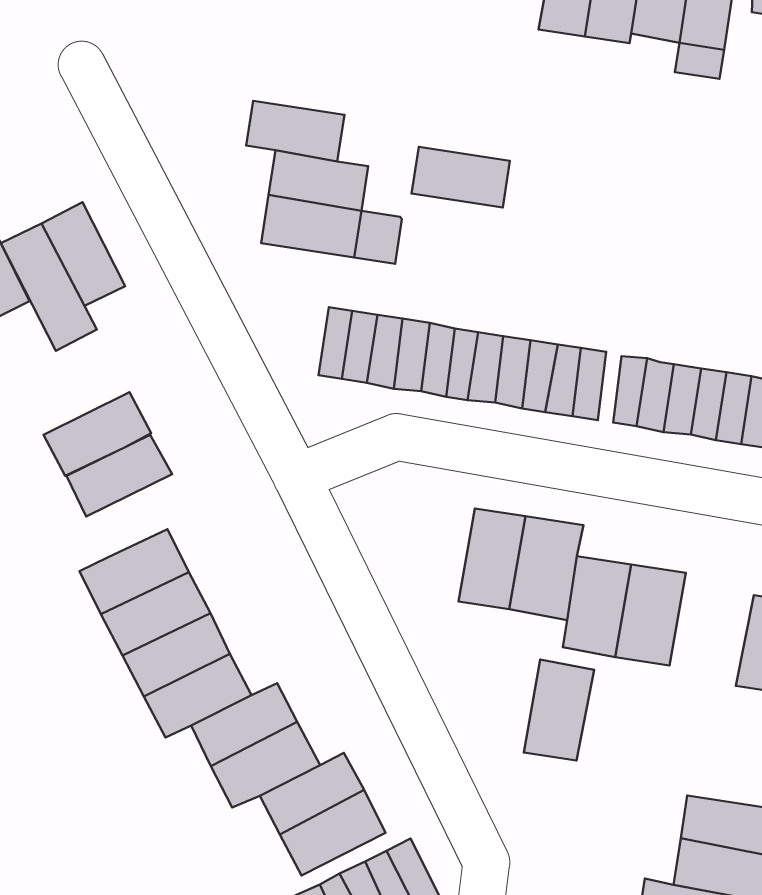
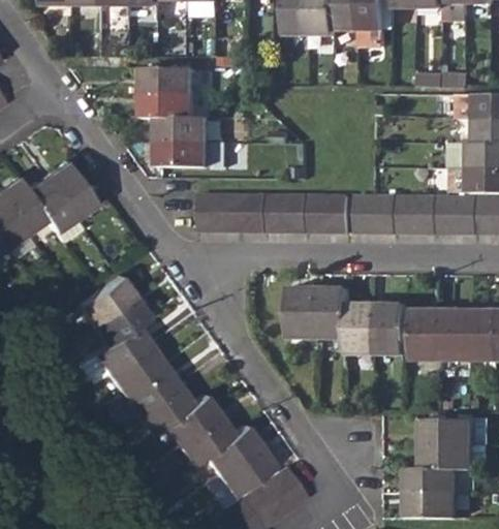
building: [412,147,510,208] -> [142,68,190,93]
building: [44,392,151,476] -> [88,293,144,342]
building: [524,660,594,761] -> [411,309,441,359]

